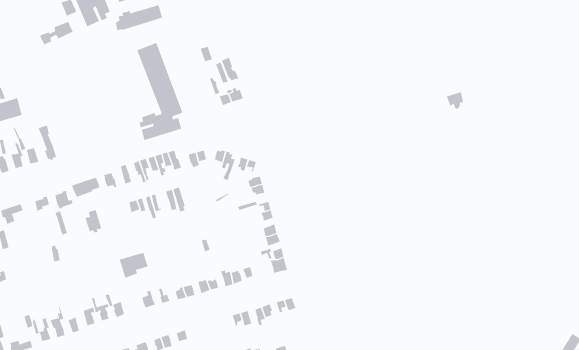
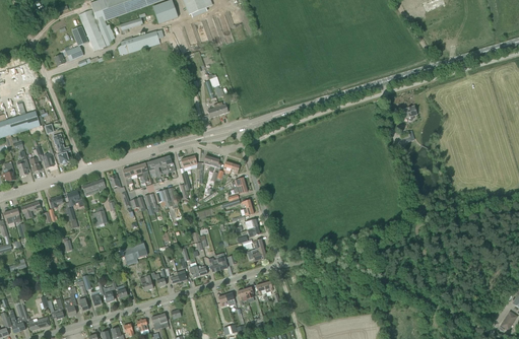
building: [136,42,183,141] -> none

